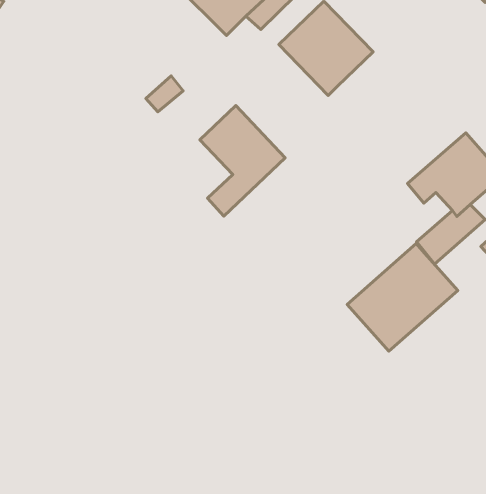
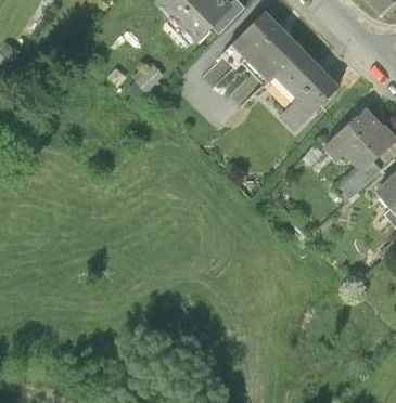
building: [200,106,285,216] -> [274,49,336,129]
building: [347,244,458,351] -> none

